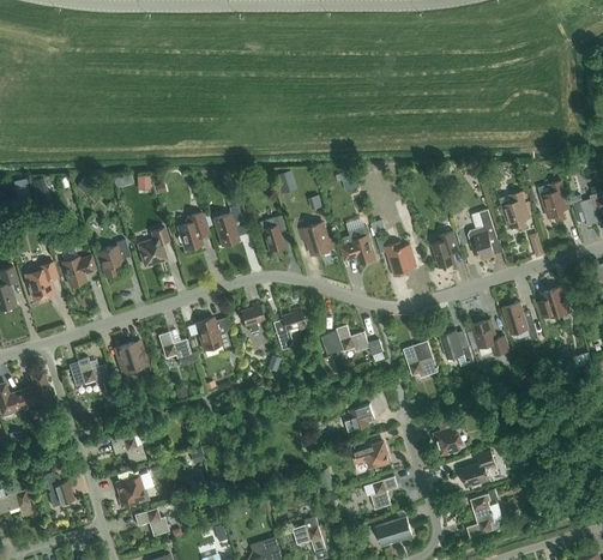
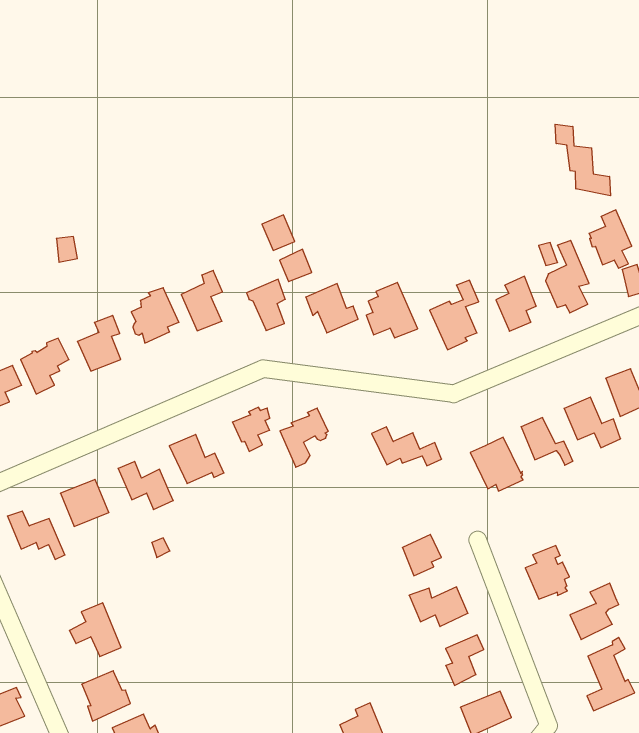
building: none -> [555,124,610,196]

